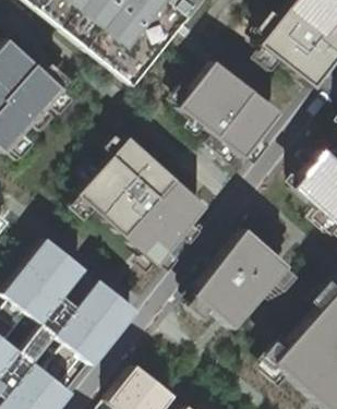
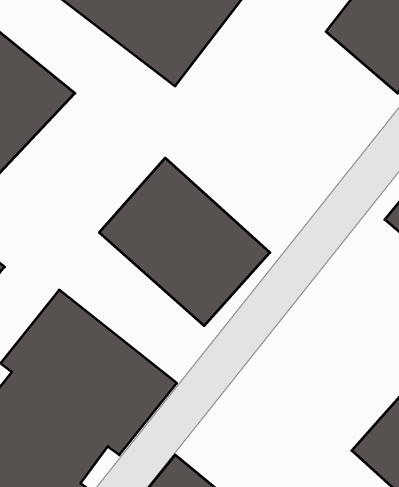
building: [169,59,278,164] -> none
building: [193,227,289,328] -> none

